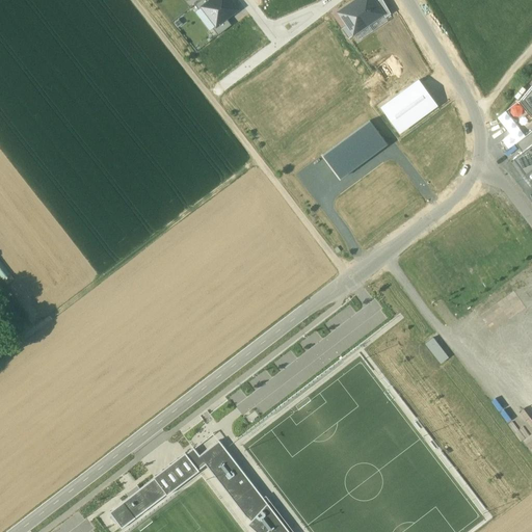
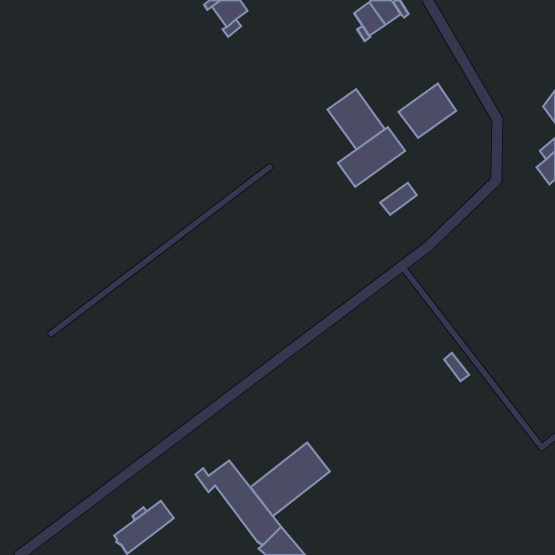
building: none -> [328,89,385,149]
building: none -> [380,183,417,215]
building: none -> [250,443,330,516]
building: [153,453,201,497] -> none

